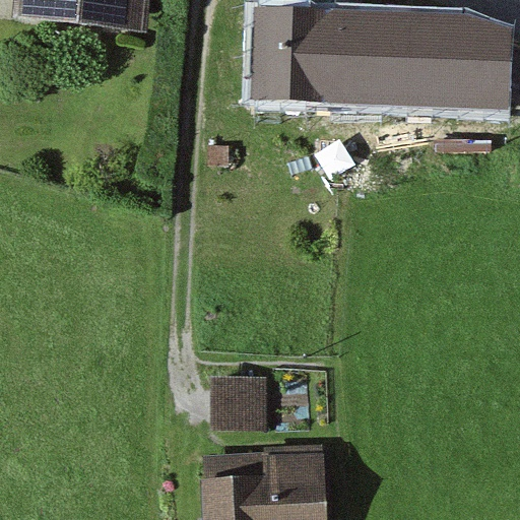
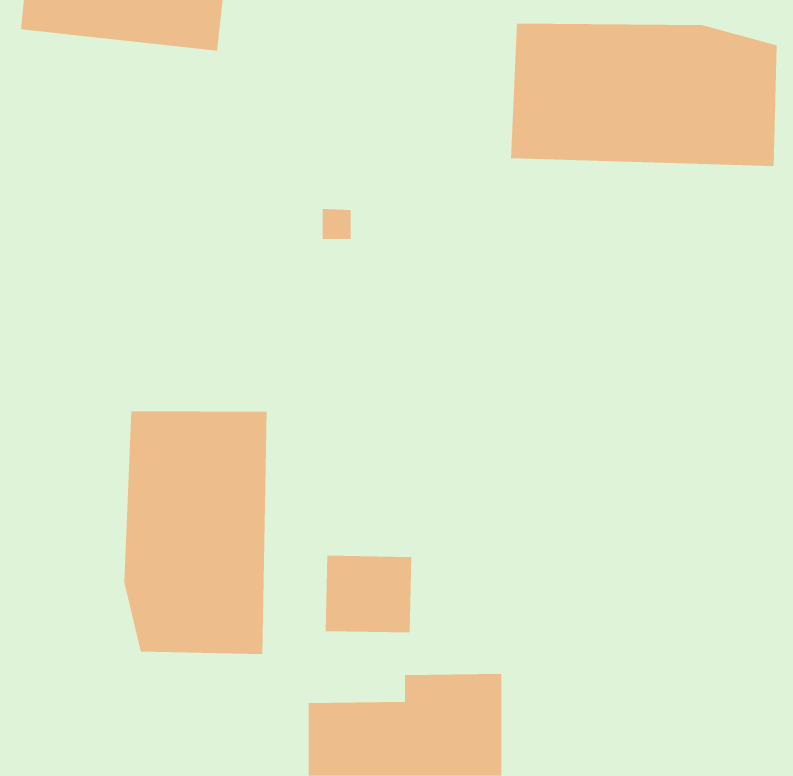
building: [254,12,337,104] -> none
building: none -> [124,411,267,655]

